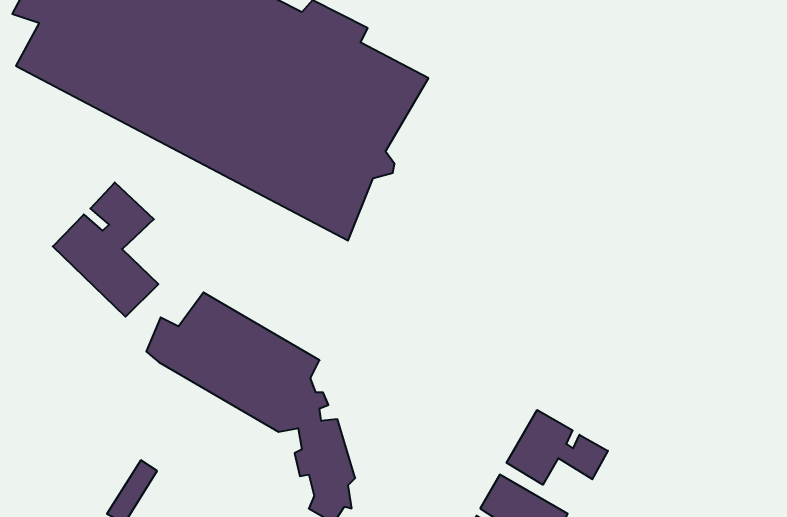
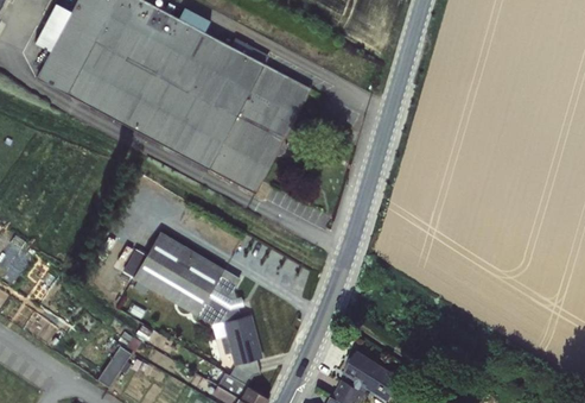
building: [53,182,158,317] -> none
building: [507,410,608,485] -> none

